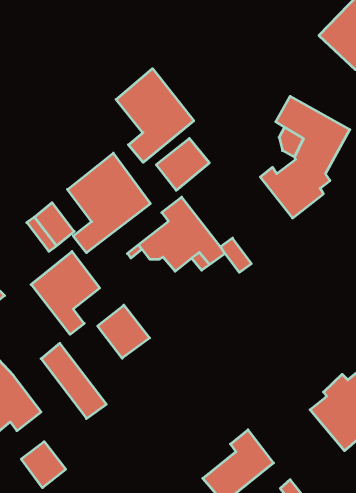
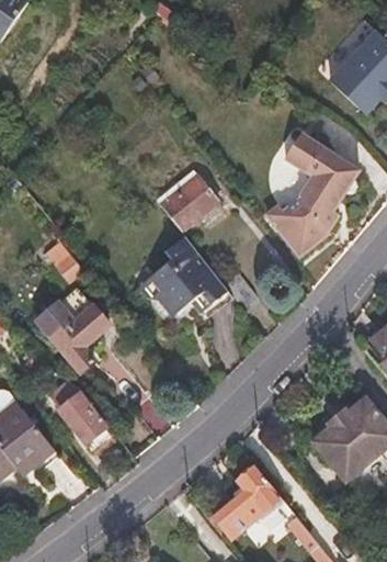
building: [116,69,194,162] -> none
building: [67,153,150,253] -> none
building: [98,305,150,358] -> none
building: [21,442,66,488] -> none

